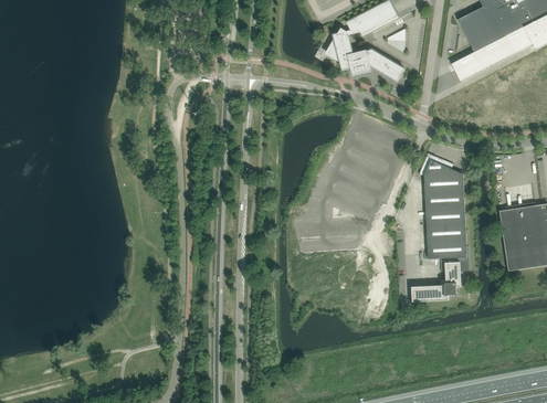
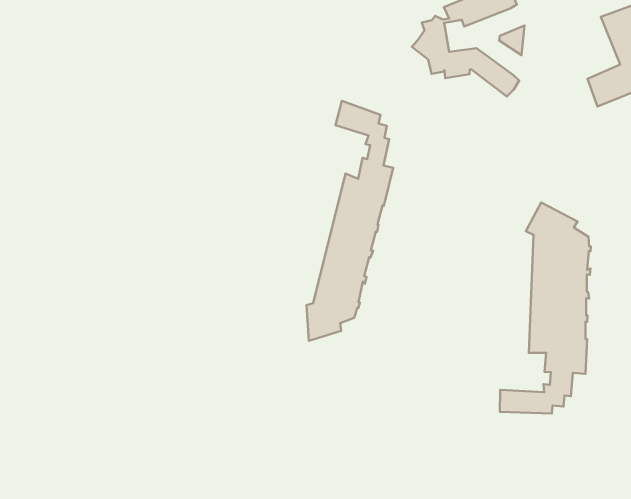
building: none -> [306,101,393,341]

